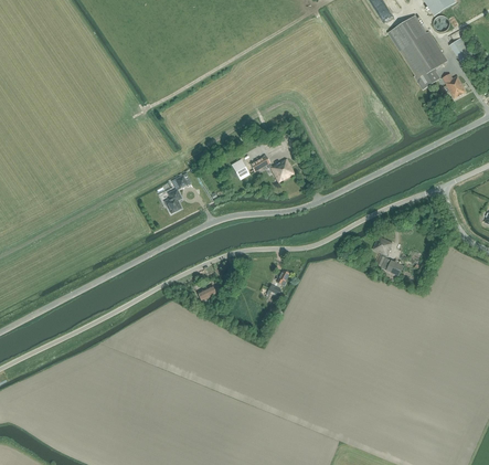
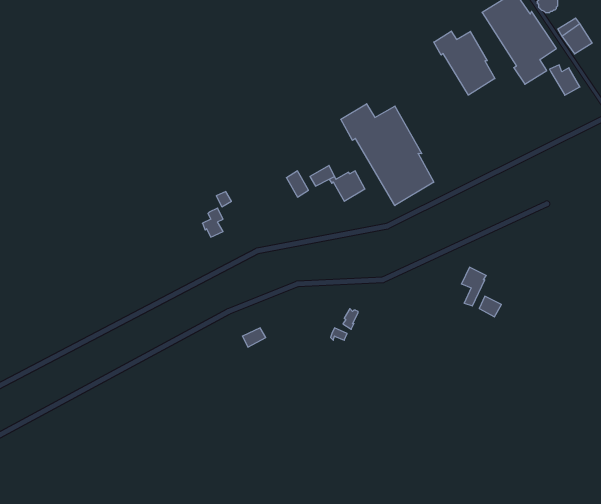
building: none -> [434,31,495,95]
building: none -> [341,104,434,206]

